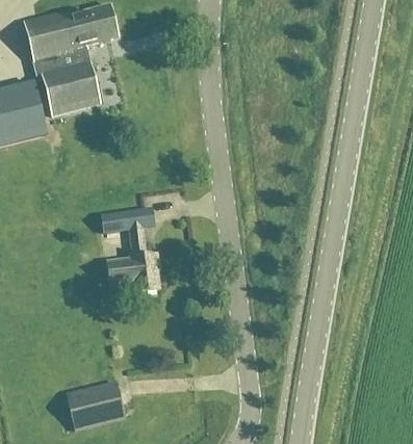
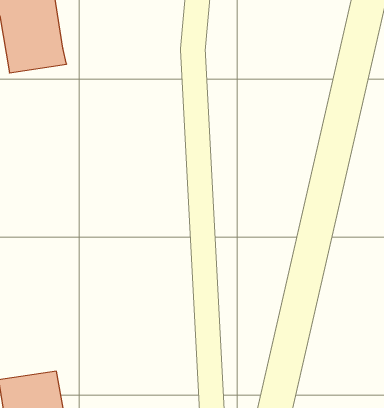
building: [101,206,158,290] -> none

